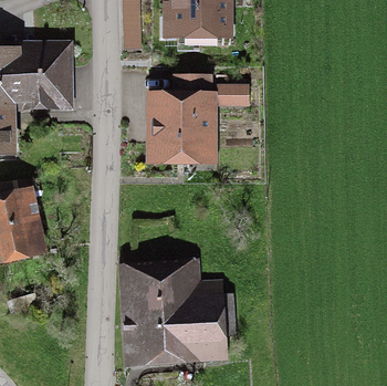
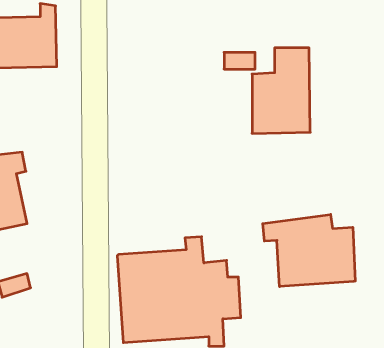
building: [155,77,209,157] -> [252,48,310,133]
building: none -> [263,214,355,287]

